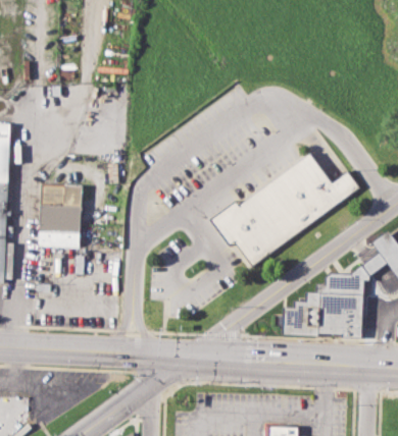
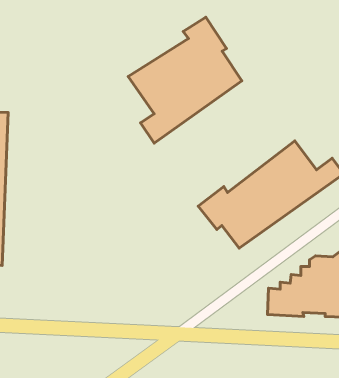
building: none -> [128,17,242,143]
building: [38,185,82,250] -> none

